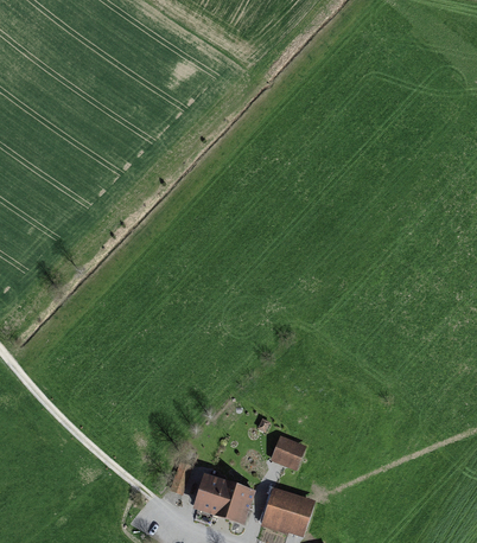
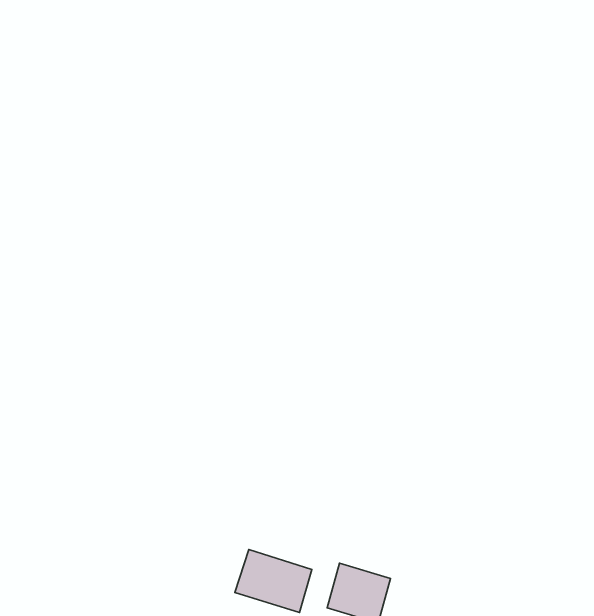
building: [273,436,304,466] -> none

